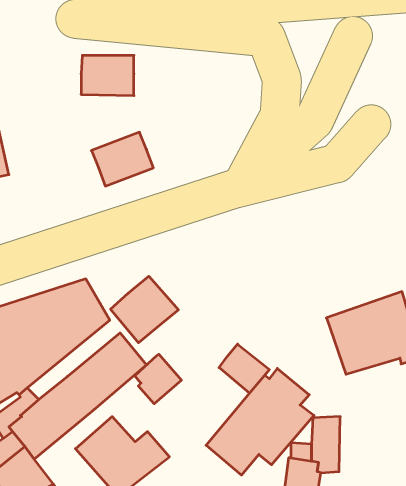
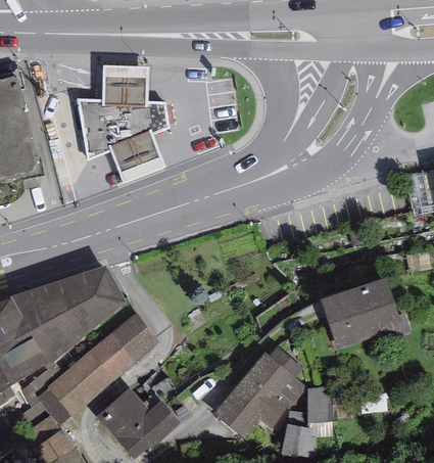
building: none -> [77,98,170,159]
building: [111,276,178,343] -> none
building: [219,344,269,393] -> none
building: [135,354,181,404] -> none

